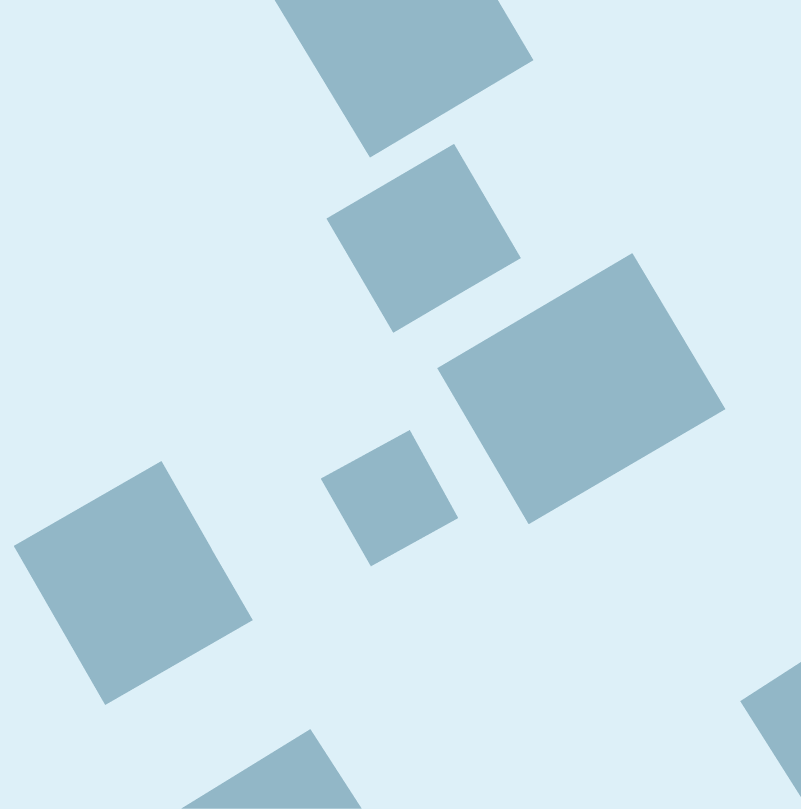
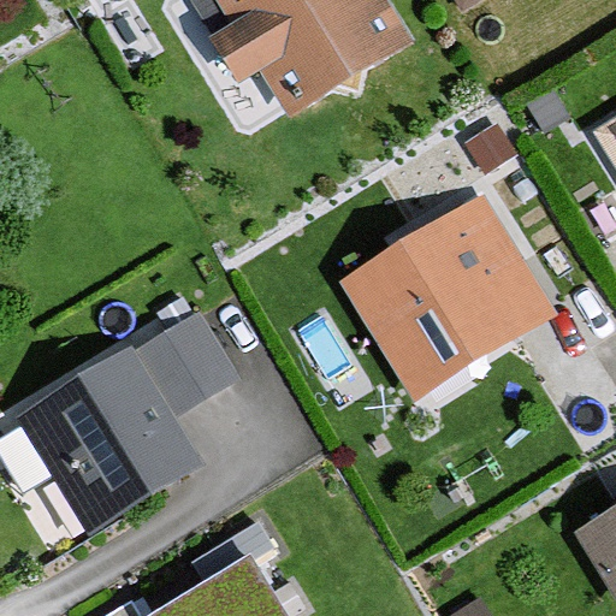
building: [325,143,522,334] -> none
building: [320,429,459,567] -> [130,312,236,416]

